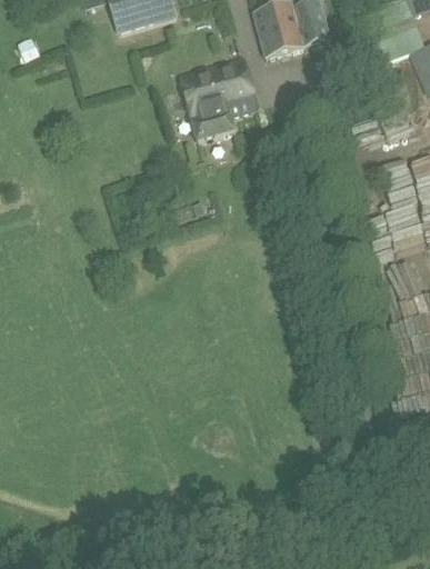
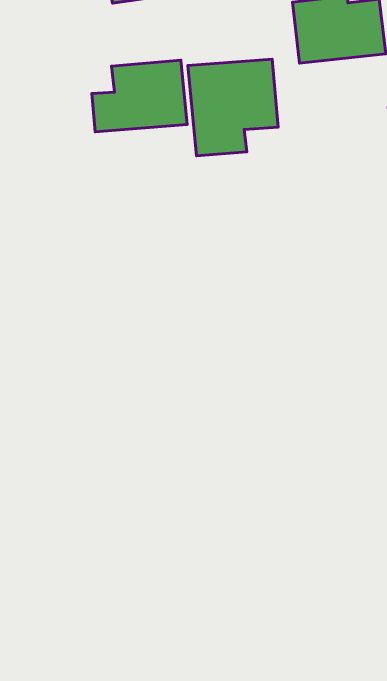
building: none -> [92,60,187,132]

